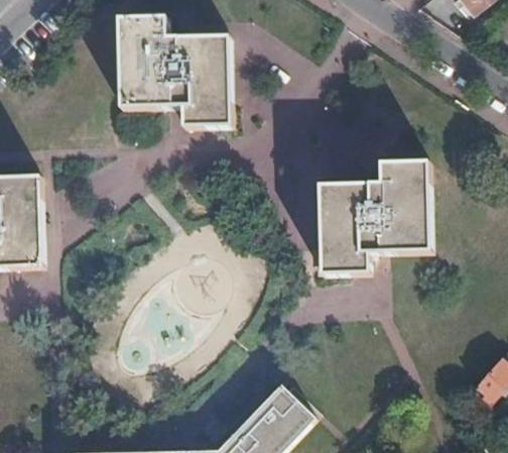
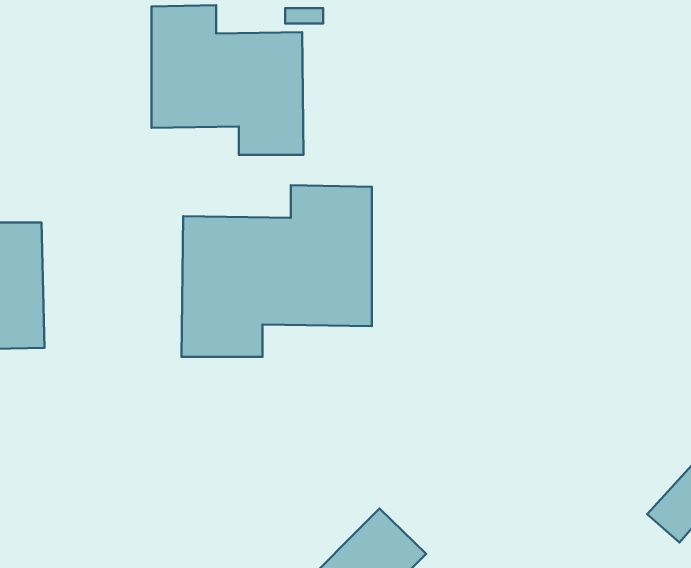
building: none -> [182,185,372,357]
building: [320,161,428,274] -> none

